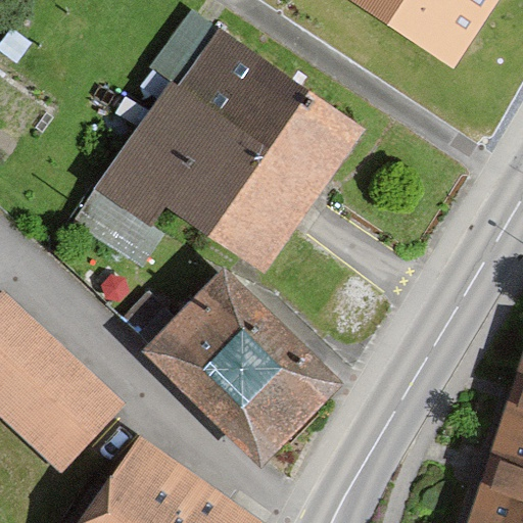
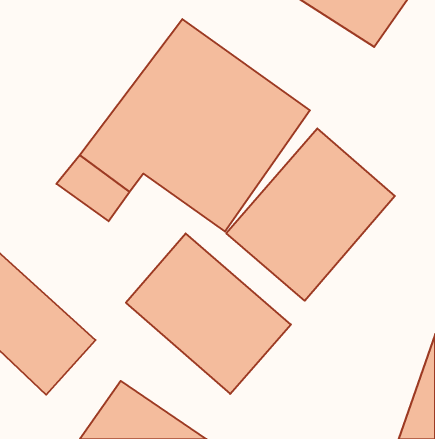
building: none -> [226,128,395,301]

